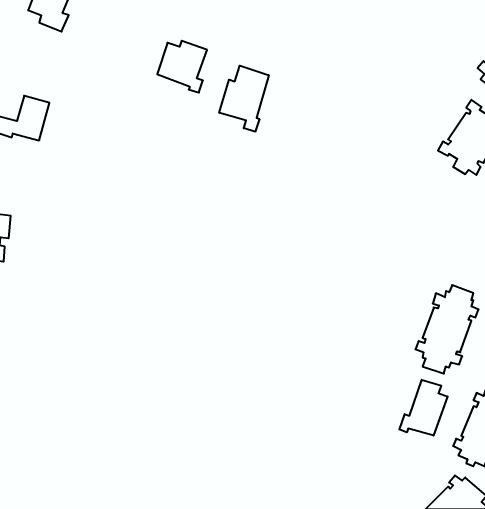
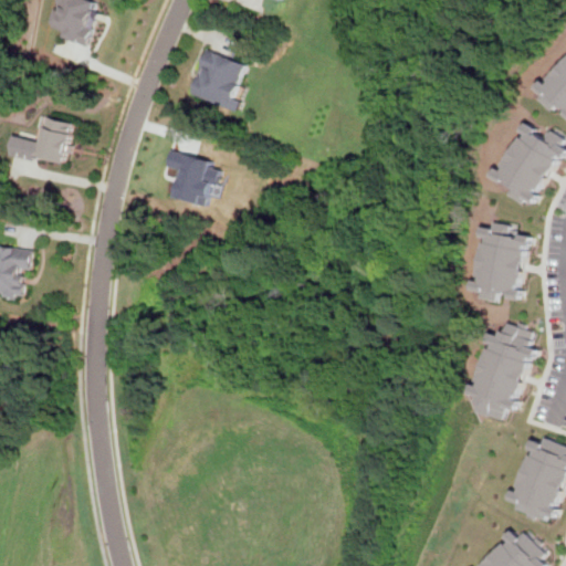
building: [219,66,269,132] -> none
building: none -> [165,149,209,205]
building: none -> [471,221,532,301]
building: [399,380,448,436] -> none

